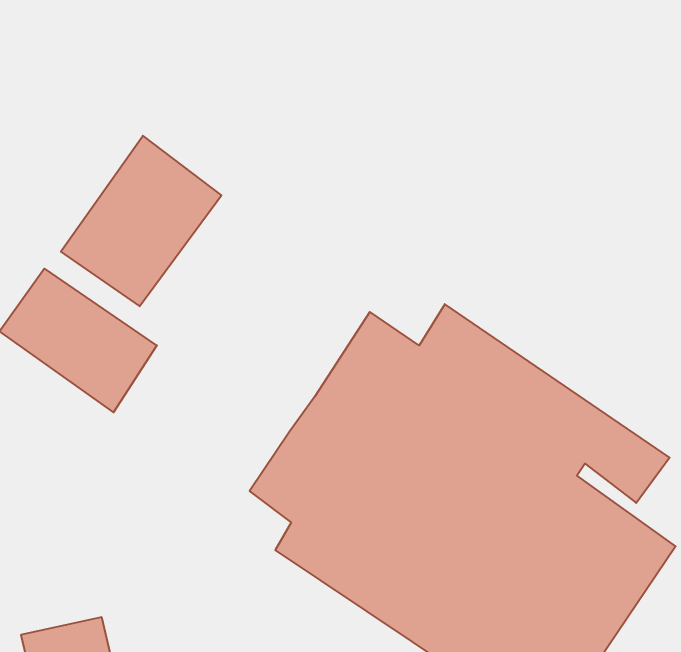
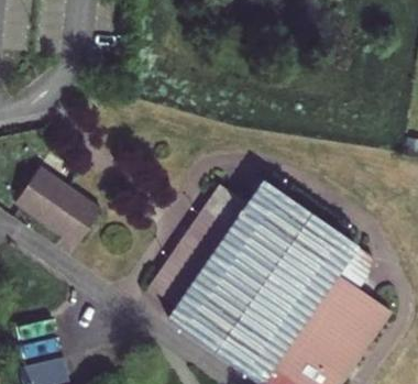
building: [61,136,221,306] -> none

